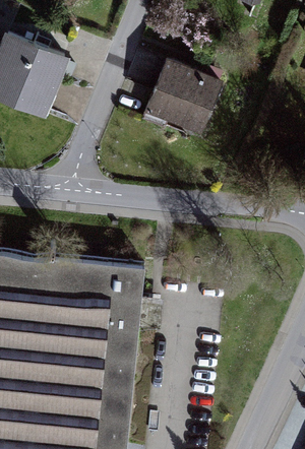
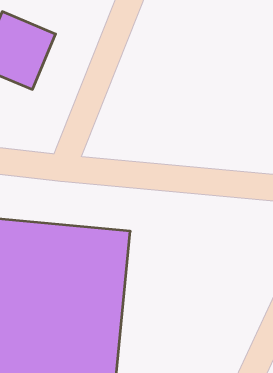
building: [149,63,221,133] -> none

